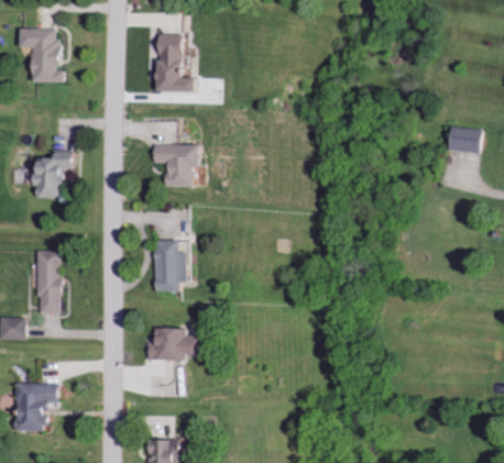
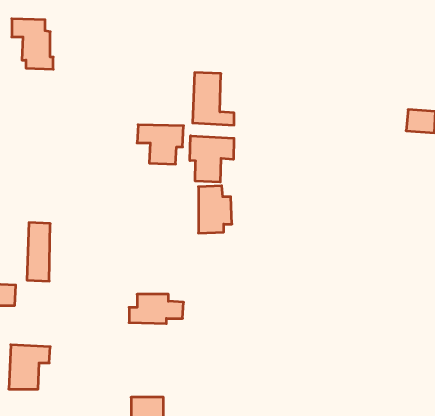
building: [157,34,202,91] -> [193,73,234,125]
building: [33,151,74,198] -> none
building: none -> [190,136,234,182]
building: [154,240,190,291] -> [198,186,232,233]

